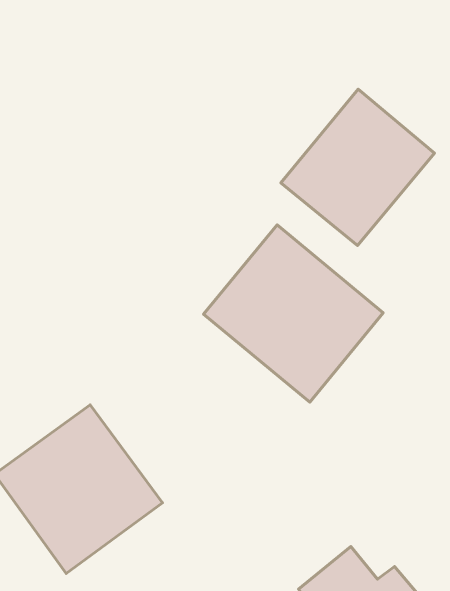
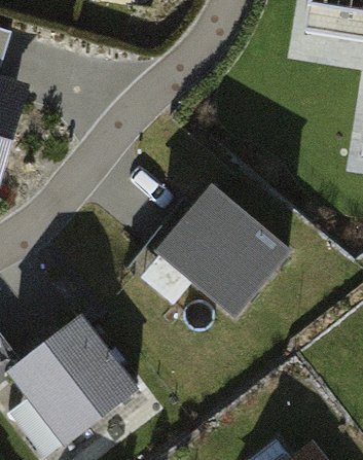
building: [281,89,435,245] -> none

